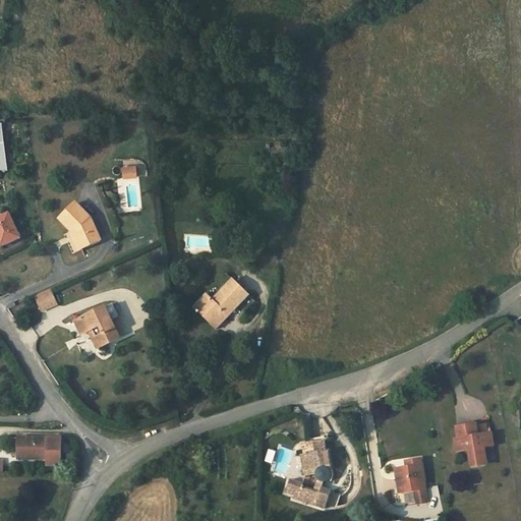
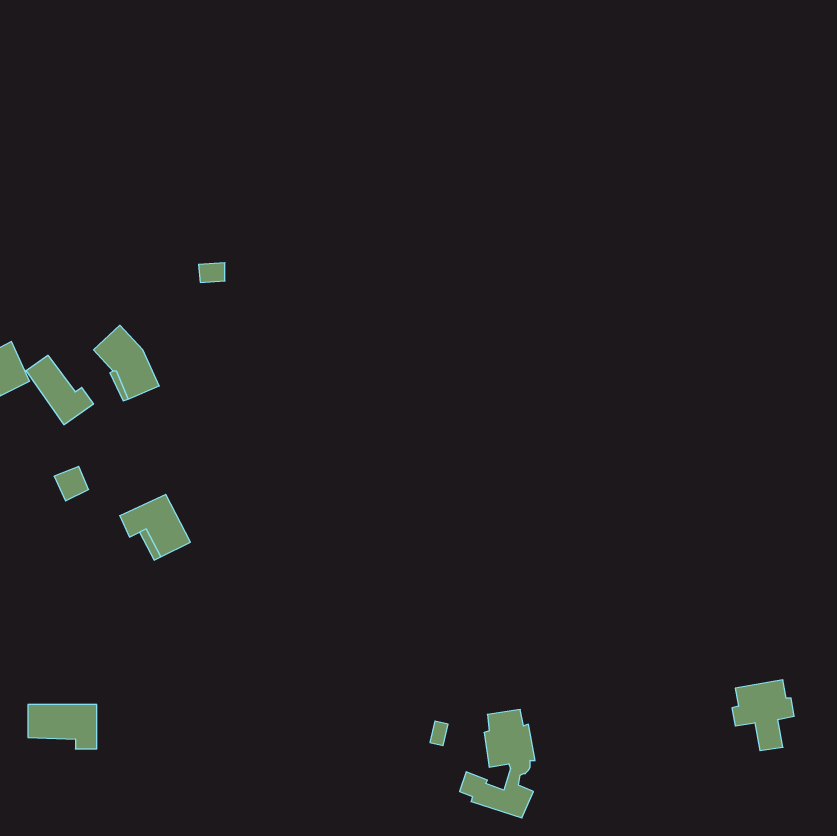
building: none -> [26,355,93,425]
building: [192,278,247,327] -> none
building: [395,458,425,502] -> none

